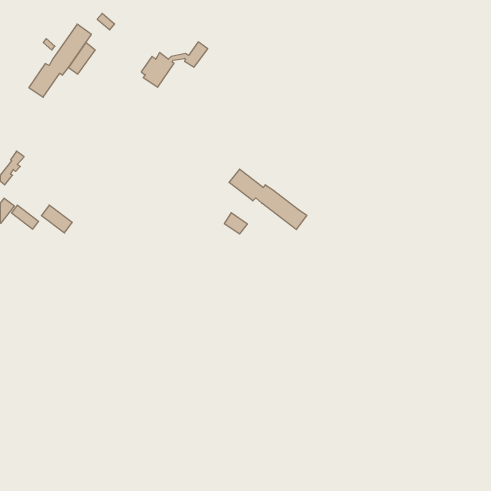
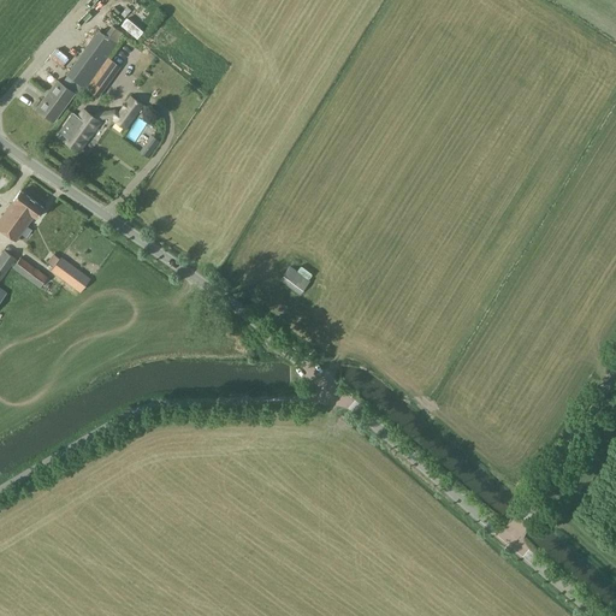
building: [141,42,208,87] -> [61,94,144,150]
building: none -> [7,196,46,238]
building: [229,169,307,230] -> none

